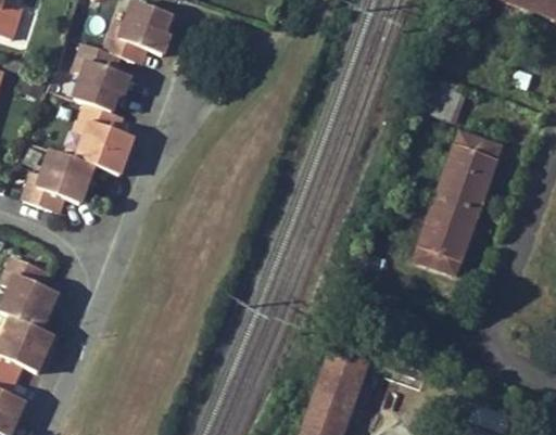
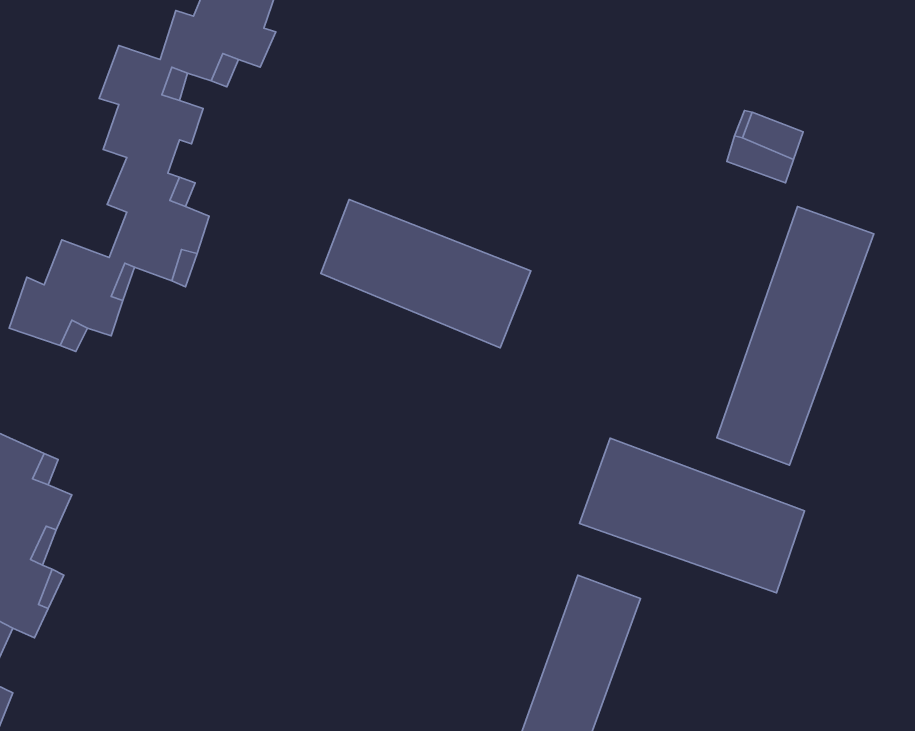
building: none -> [321,200,531,348]
building: none -> [580,438,805,593]

